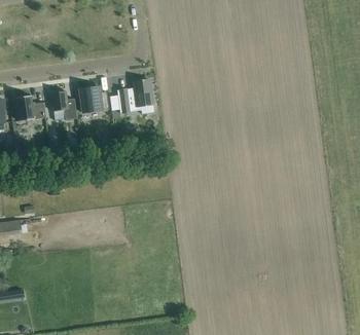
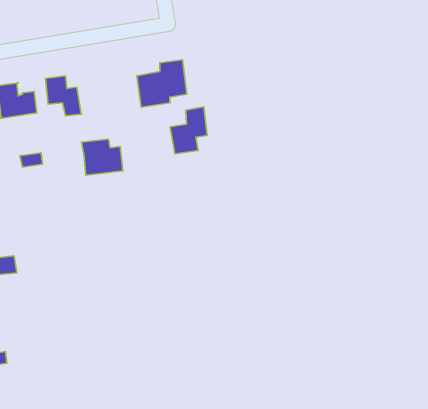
building: [79,86,109,112] -> [81,139,123,175]
building: none -> [170,107,207,154]

